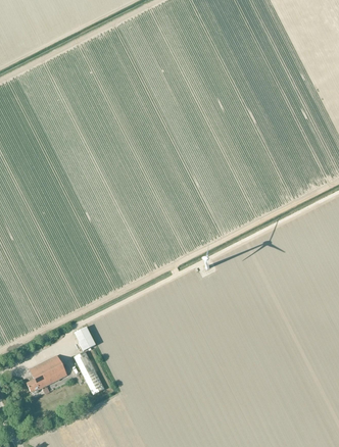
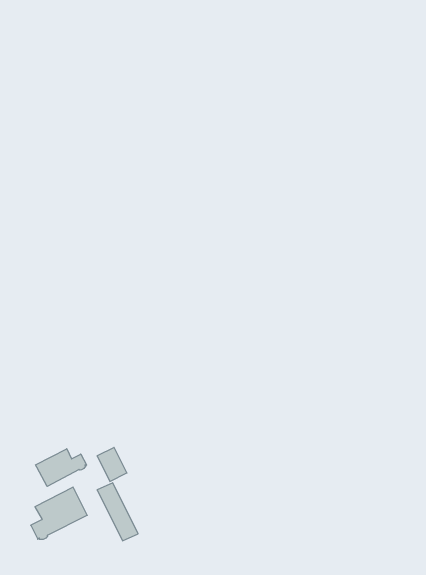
building: none -> [36,449,87,486]

